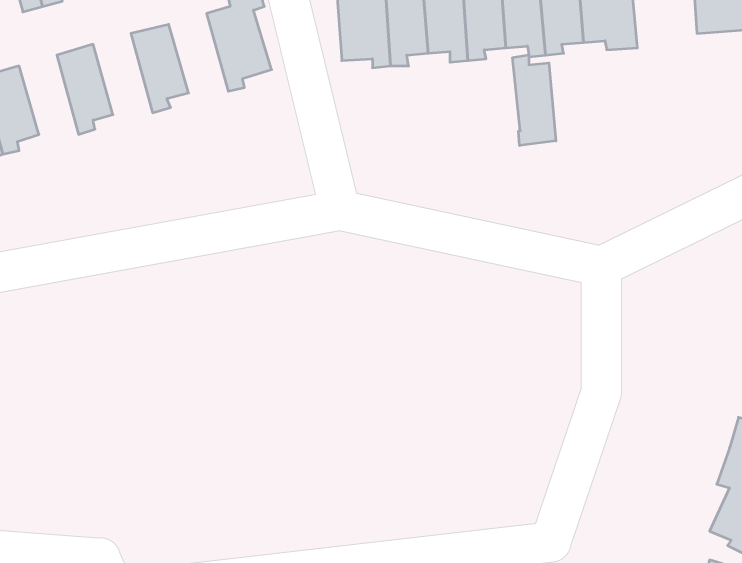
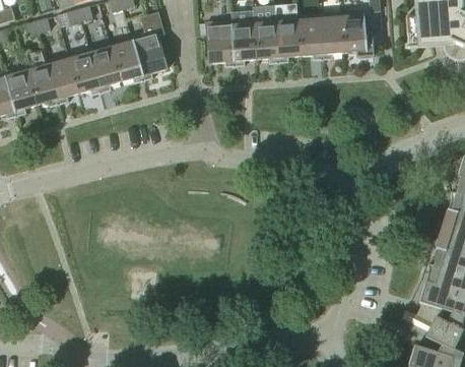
building: none -> [110,37,143,83]
building: none -> [67,48,101,96]
building: [513,55,556,146] -> none
building: none -> [25,60,59,107]

